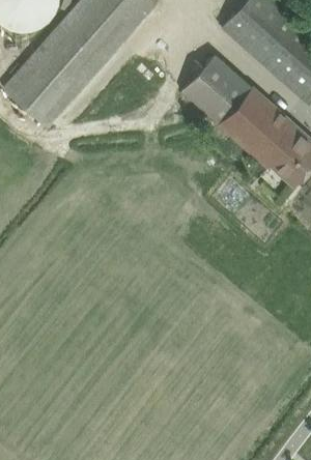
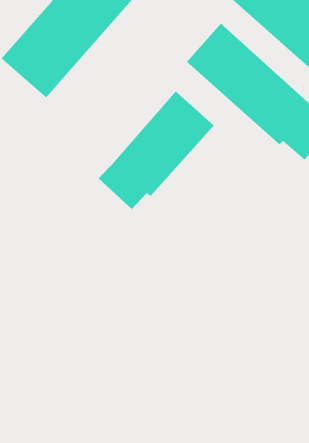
building: none -> [98,91,215,210]

